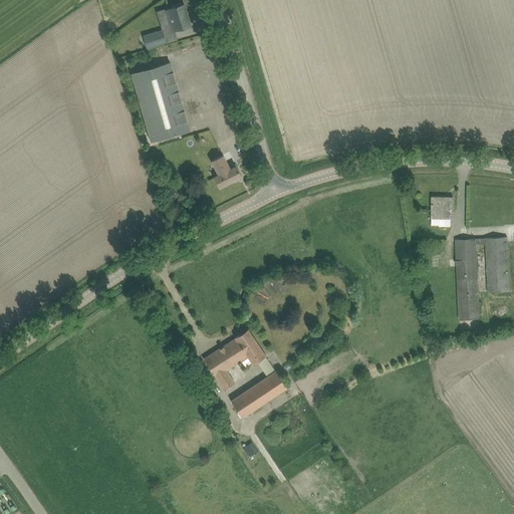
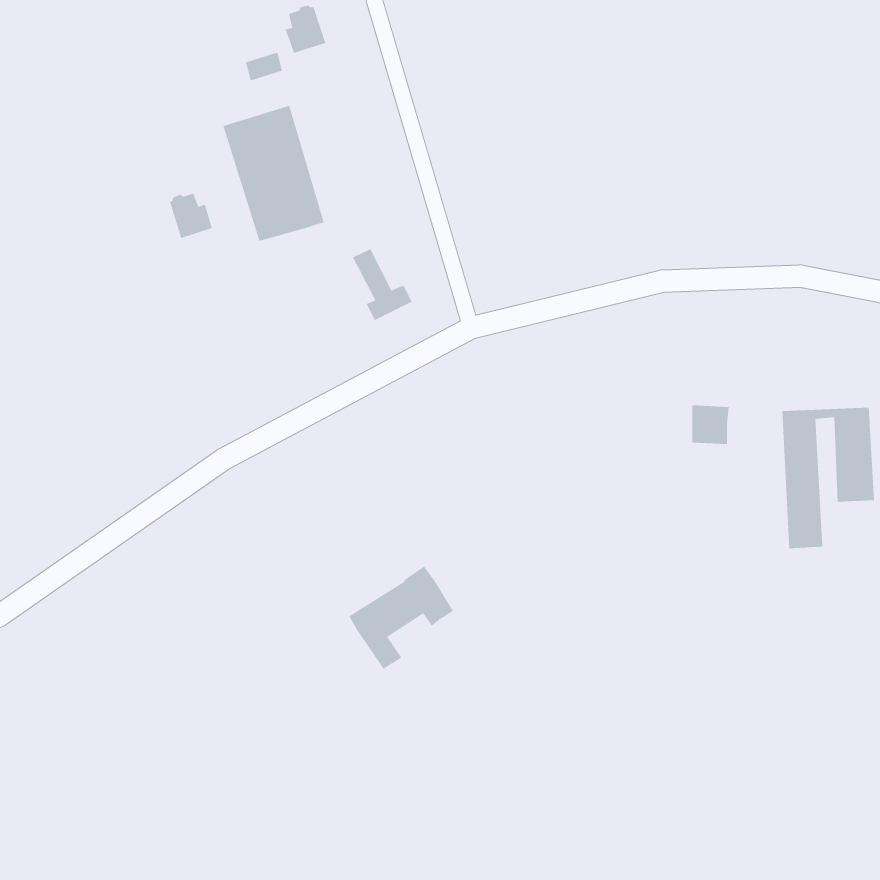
building: none -> [169,193,212,239]
building: [431,197,453,220] -> [691,405,729,445]
building: [230,371,286,419] -> none

